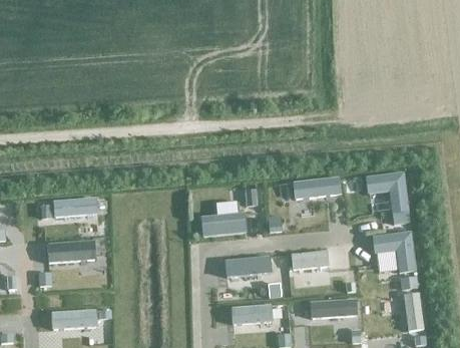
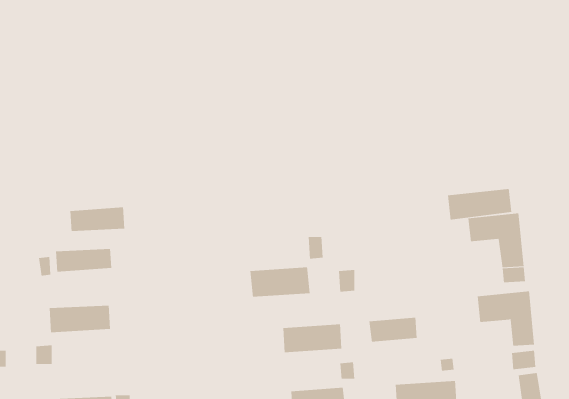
building: none -> [70,207,125,232]
building: [293,176,342,200] -> [447,188,512,220]

